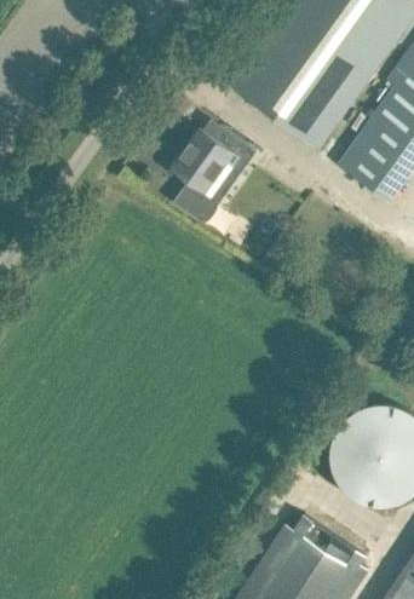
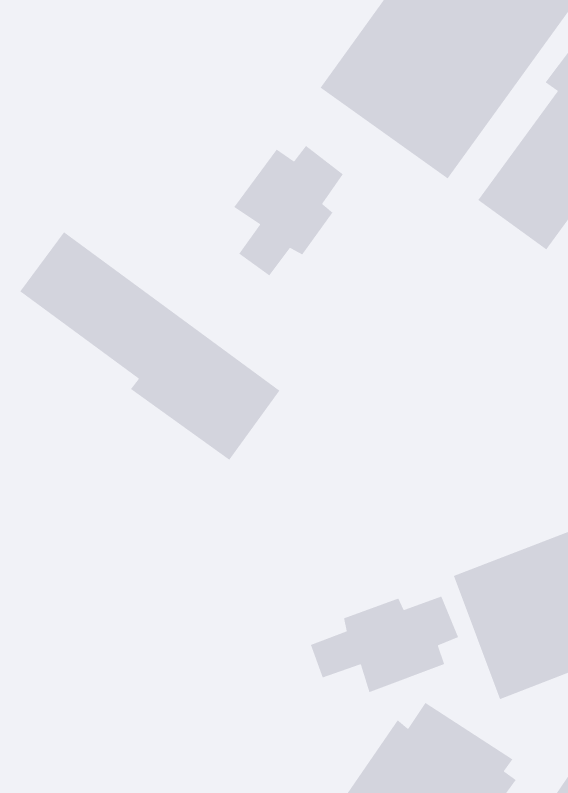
building: none -> [19,231,281,461]
building: none -> [310,596,459,693]

